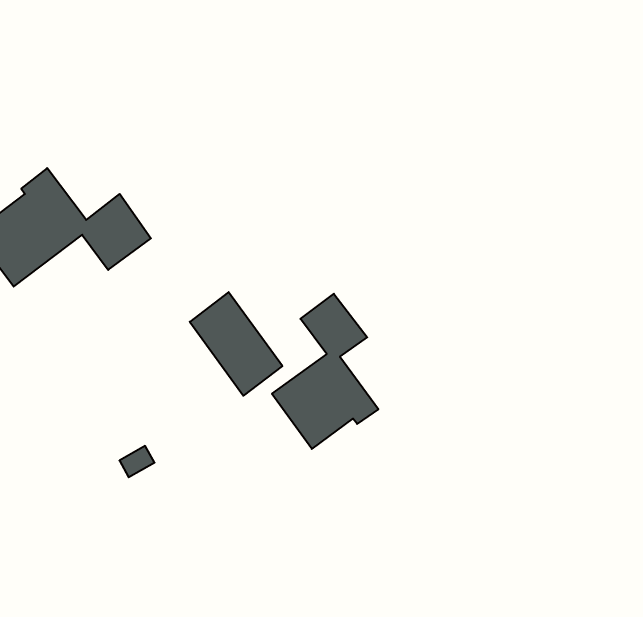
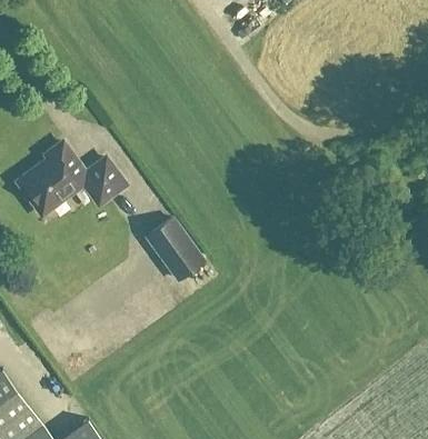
building: [272,294,378,449] -> none

